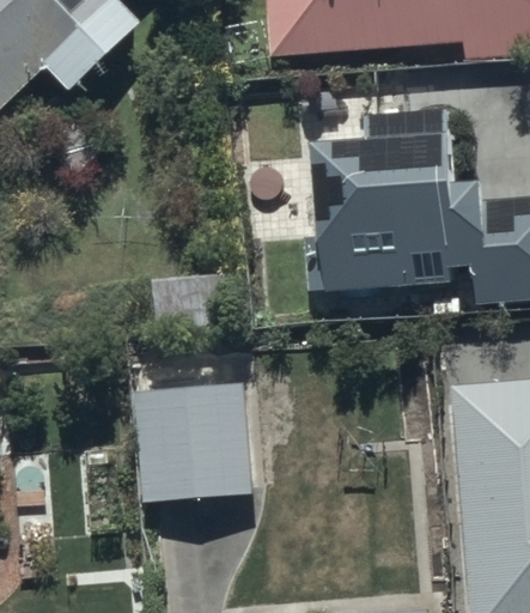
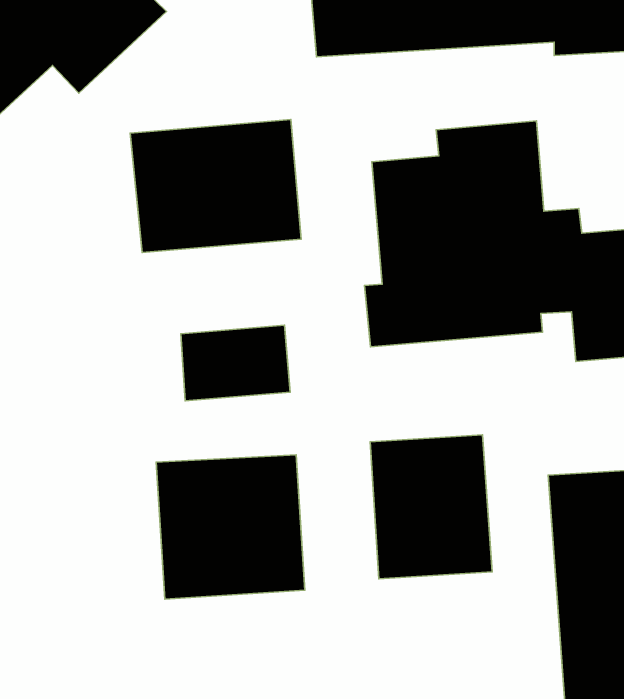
building: none -> [130,120,301,252]
building: none -> [370,435,492,579]

